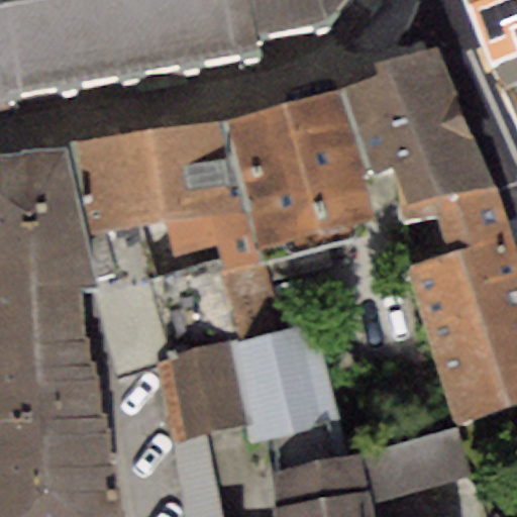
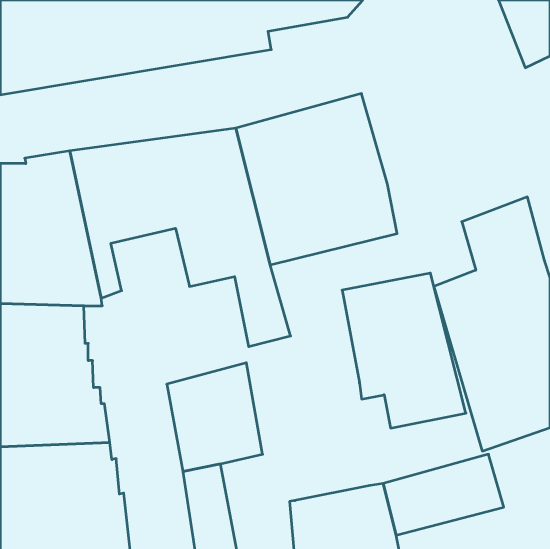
building: [339,46,495,218] -> none
building: [231,325,347,471] -> [342,273,466,428]

